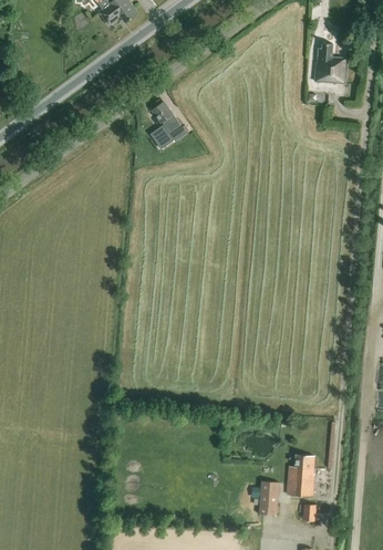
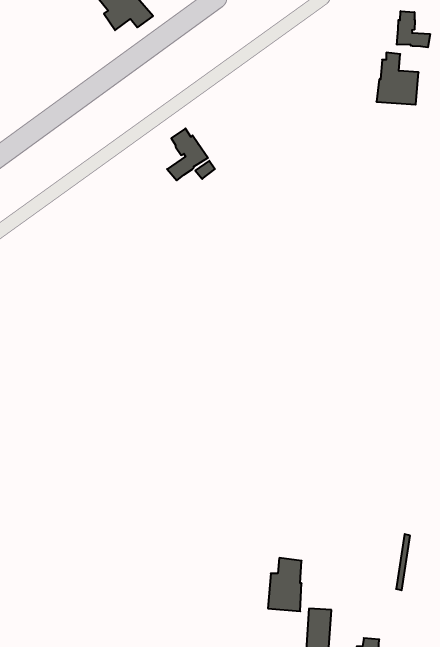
building: none -> [397,11,430,47]
building: [288,455,314,497] -> [268,558,302,611]

